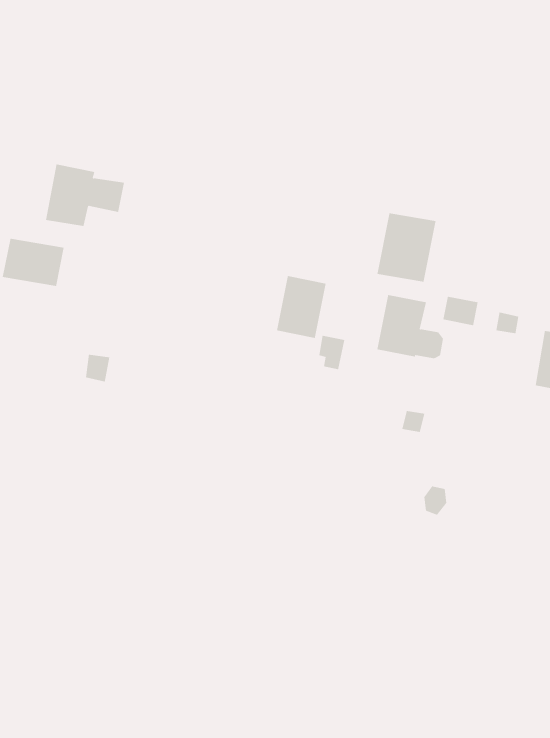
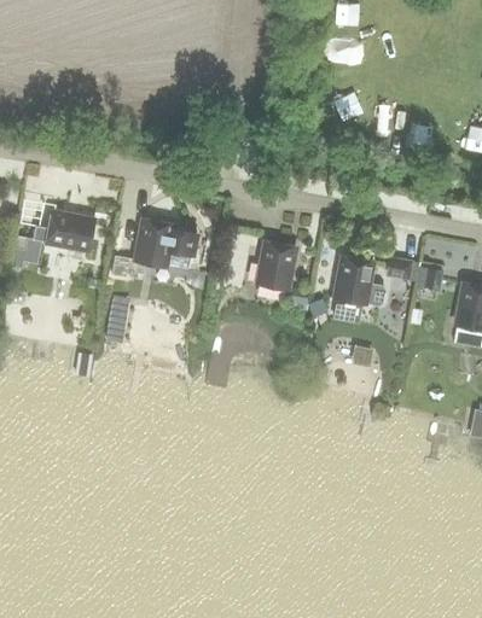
building: [45,164,125,227] -> [134,218,196,267]
building: [377,212,436,283] -> none

